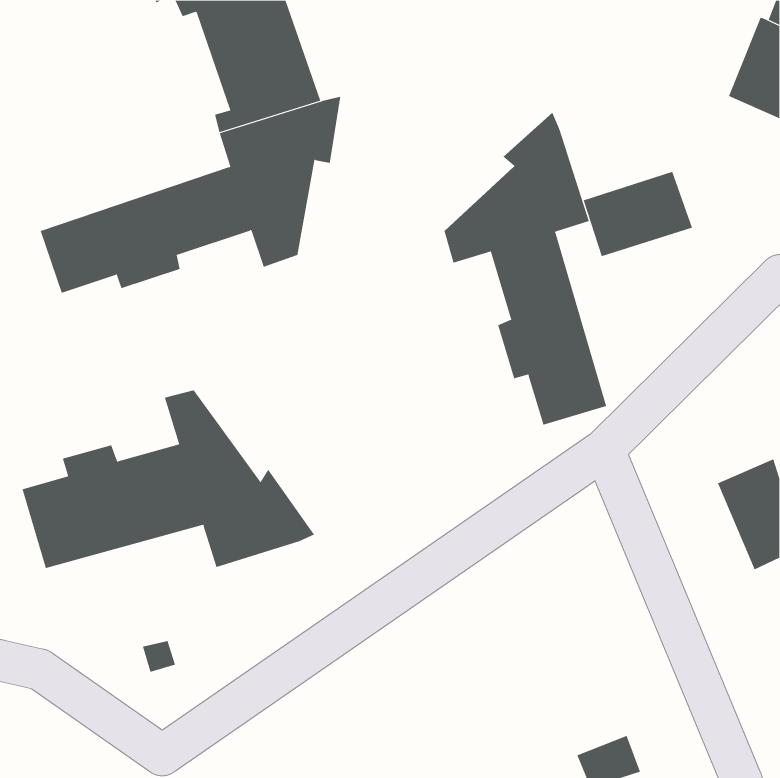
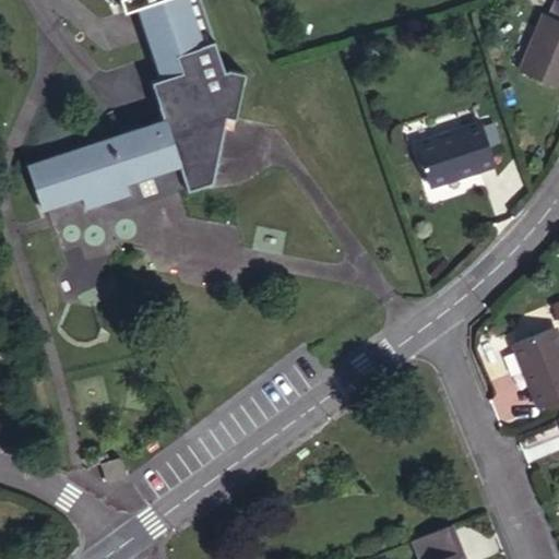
building: [444,112,607,425] -> none
building: [22,389,315,569] -> none

